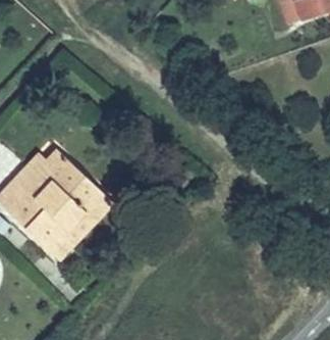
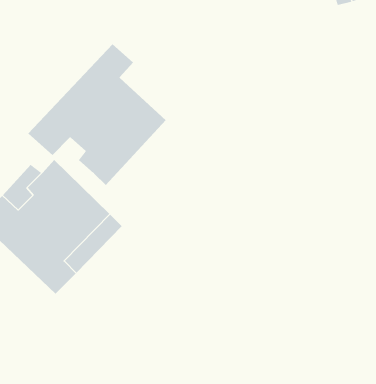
building: none -> [28,44,166,186]

